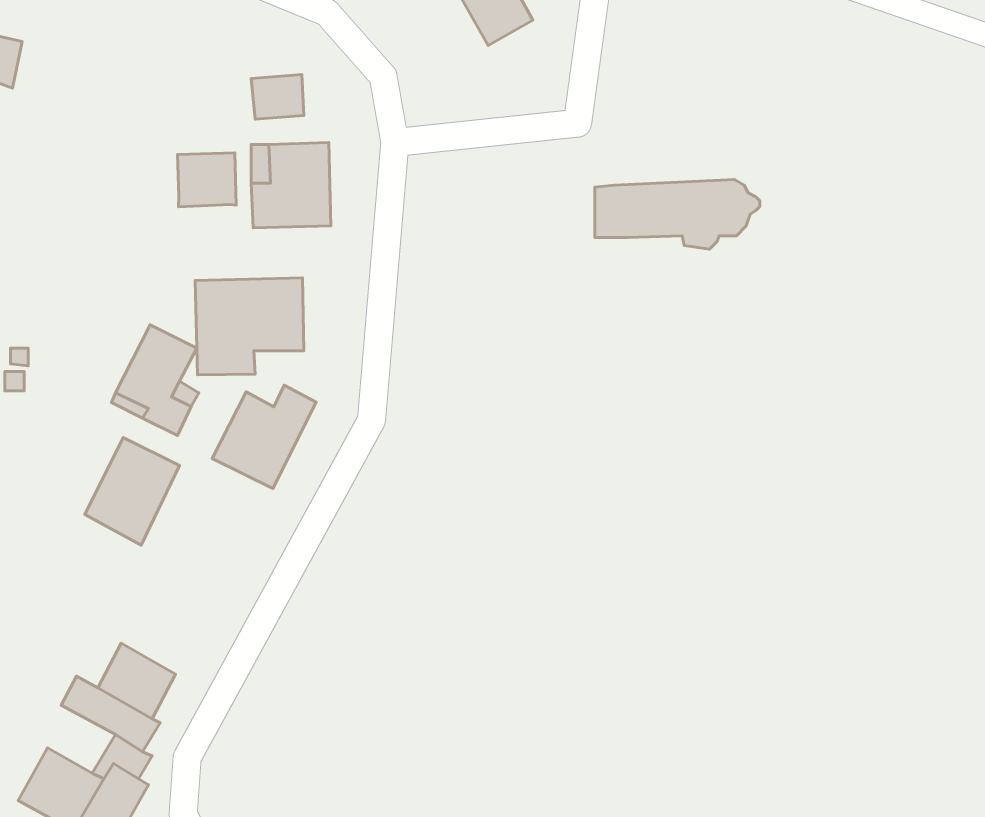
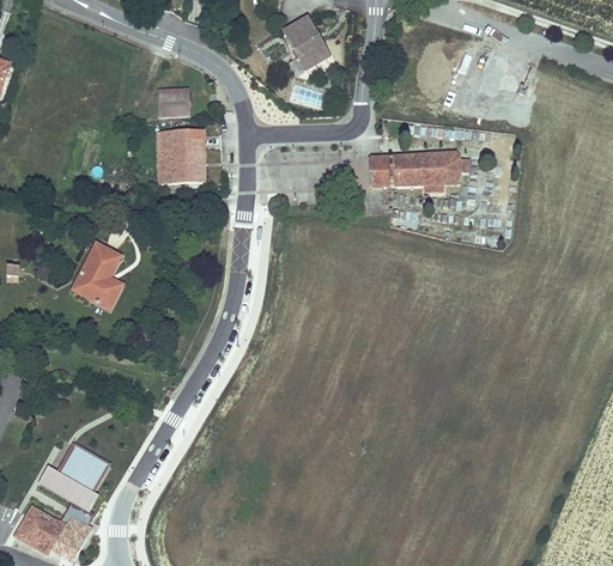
building: [177,153,236,207] -> none
building: [195,278,304,375] -> none
building: [212,385,316,489] -> none
building: [85,437,179,545] -> none

